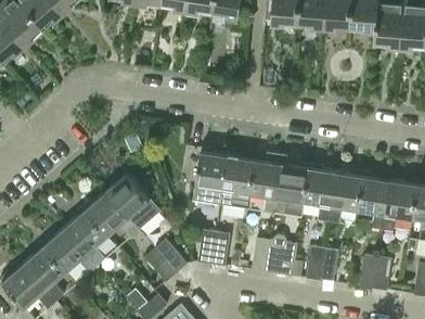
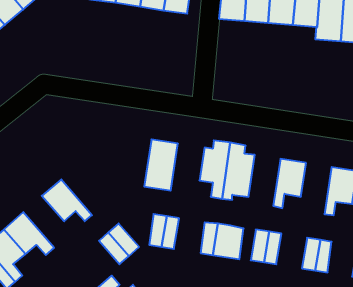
building: [220,155,256,206] -> none
building: [304,167,336,221] -> none
building: [104,174,150,231] -> none
building: [358,176,390,230] -> none
building: [64,210,107,266] -> none

